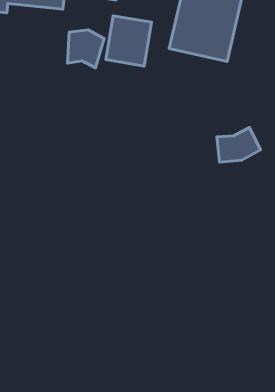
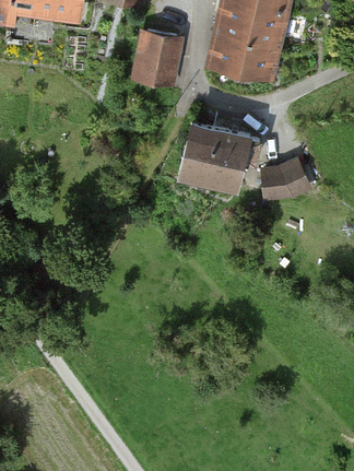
building: [68,30,104,68] -> none
building: none -> [178,117,251,189]

